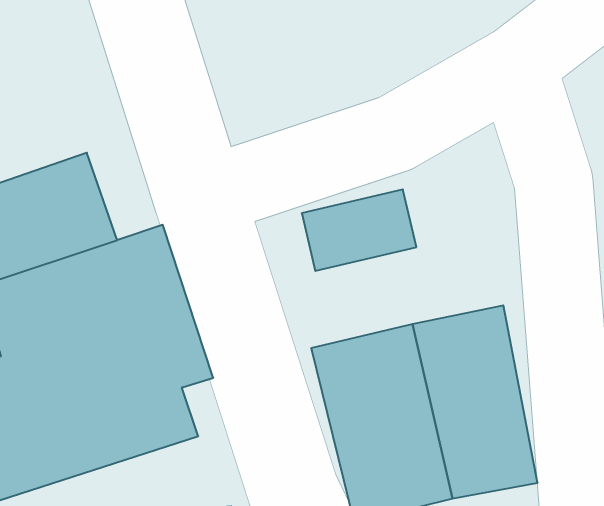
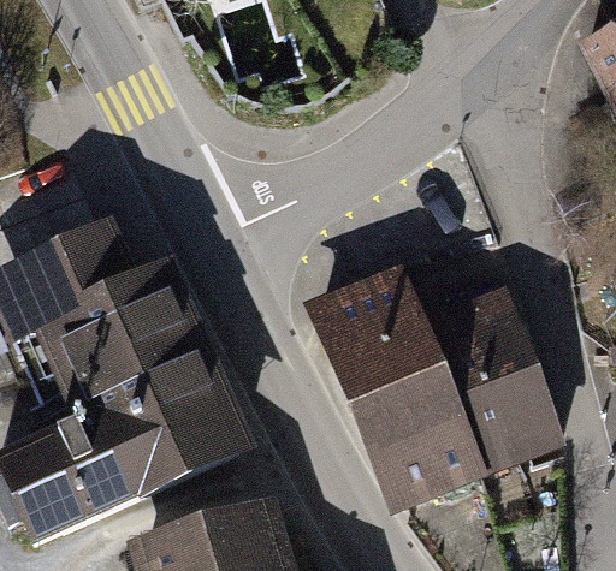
building: [302,189,416,271] -> [308,268,415,353]

